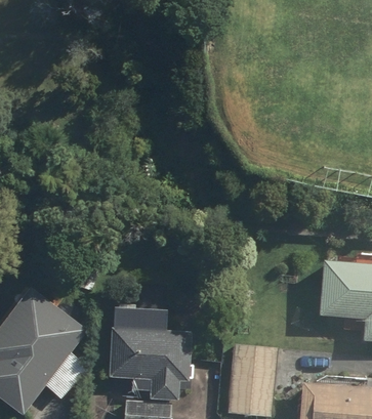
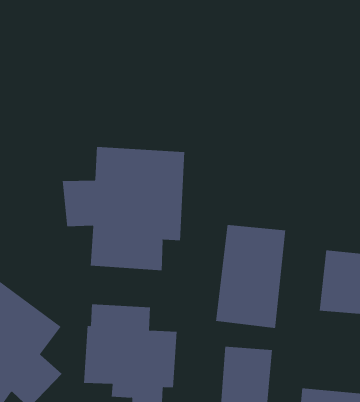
building: none -> [62,146,185,271]
building: none -> [215,224,286,329]

